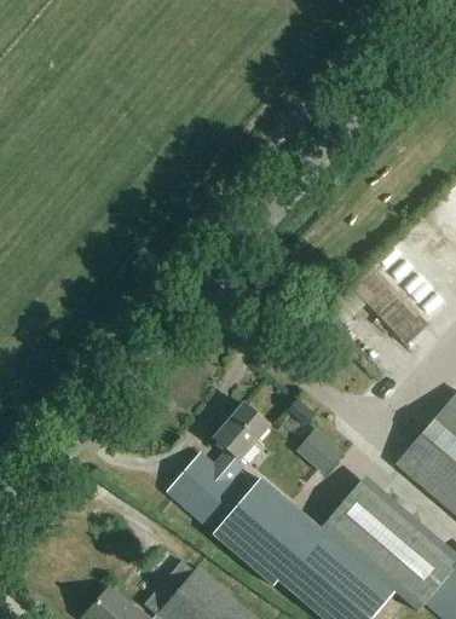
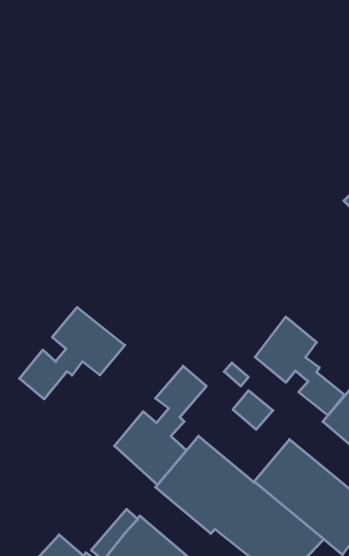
building: none -> [19,307,125,399]
building: none -> [255,317,345,416]

